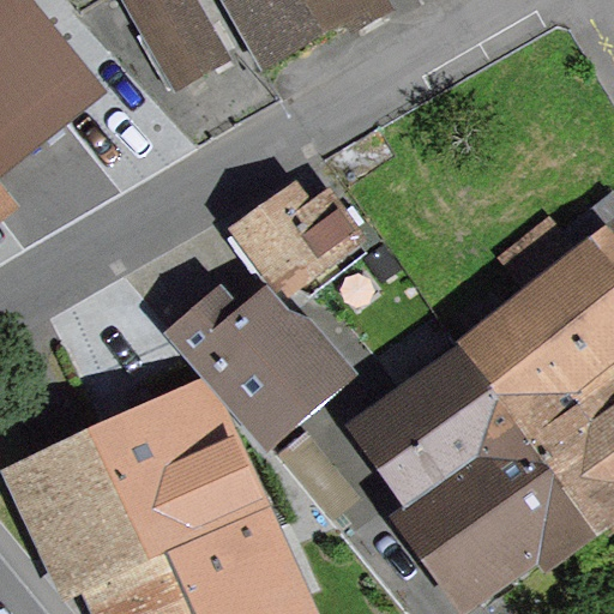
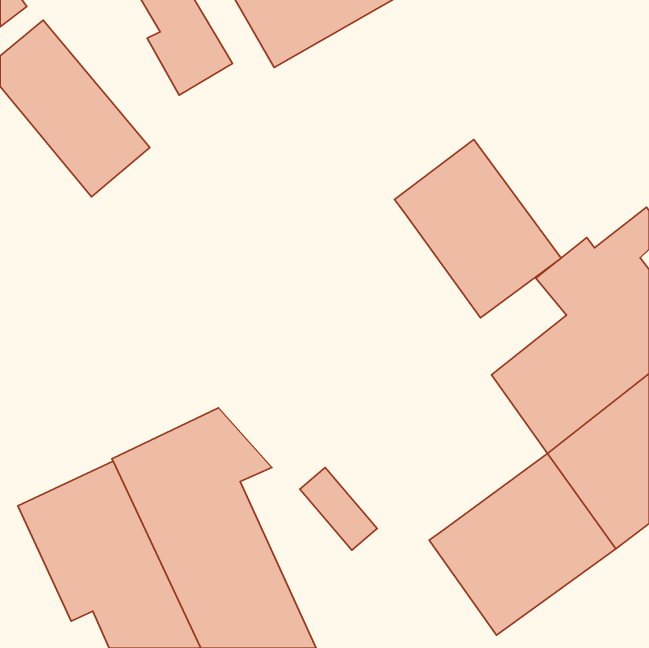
building: none -> [394,139,561,318]
building: [242,195,365,295] -> none
building: [175,299,337,437] -> none
building: [362,354,517,501] -> none

